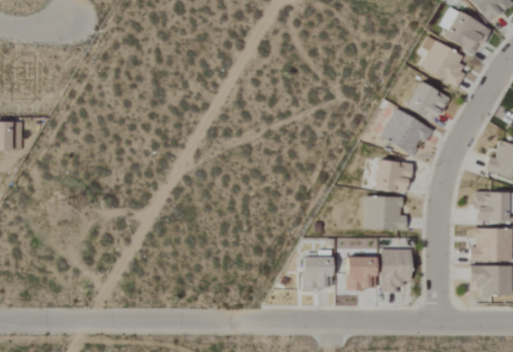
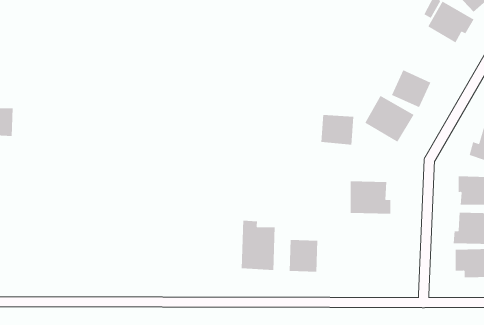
building: [421,37,466,86] -> none
building: [377,159,411,191] -> [321,115,354,145]
building: none -> [241,220,275,271]
building: [382,248,412,291] -> none
building: [347,256,376,289] -> none

